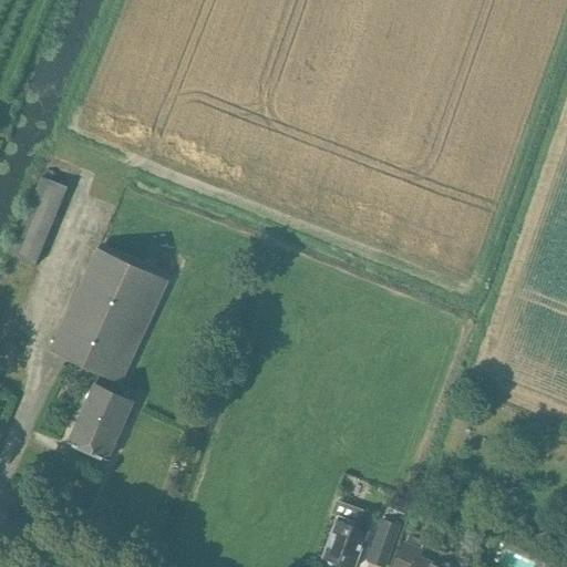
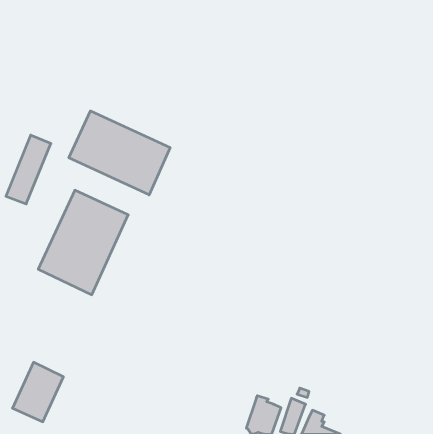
building: none -> [69,111,170,195]
building: [66,383,133,461] -> [12,362,63,422]

